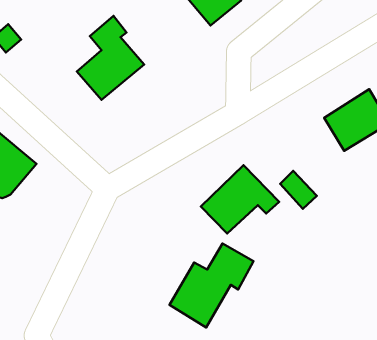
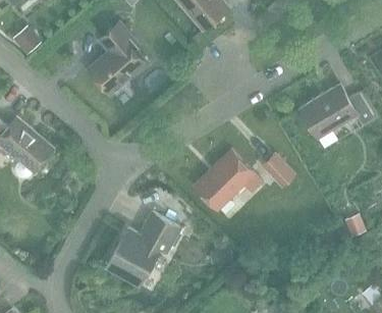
building: [169,243,253,327] -> [107,214,179,286]

